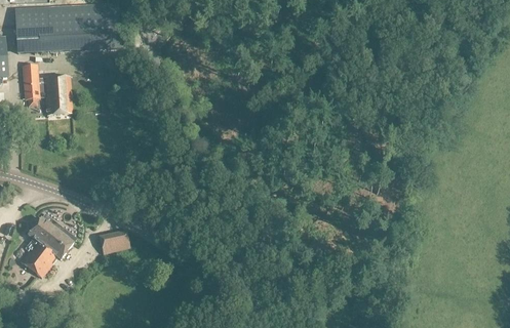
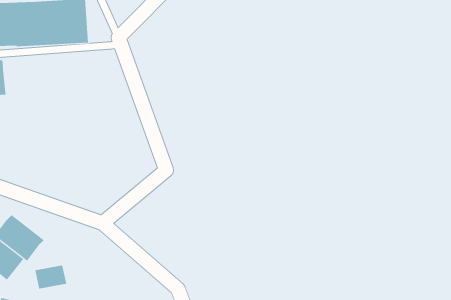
building: [43,75,71,114] -> none
building: [97,230,129,253] -> [34,265,67,289]

